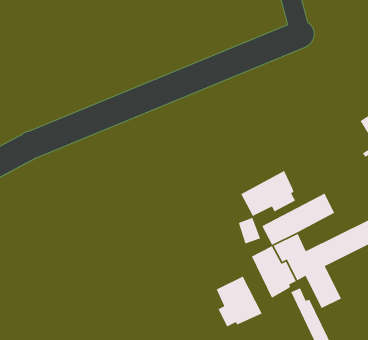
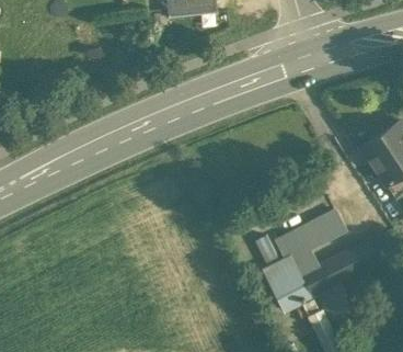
building: [240,170,296,217] -> none
building: [216,276,263,328] -> none

